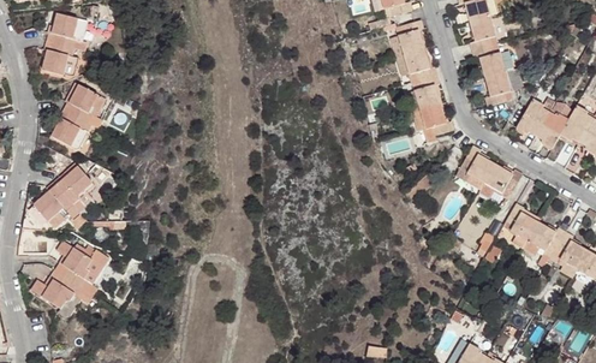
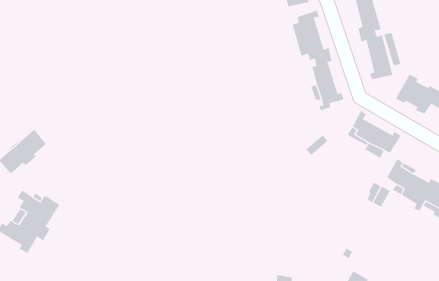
building: [40,14,76,76] -> none
building: [49,85,96,147] -> none

